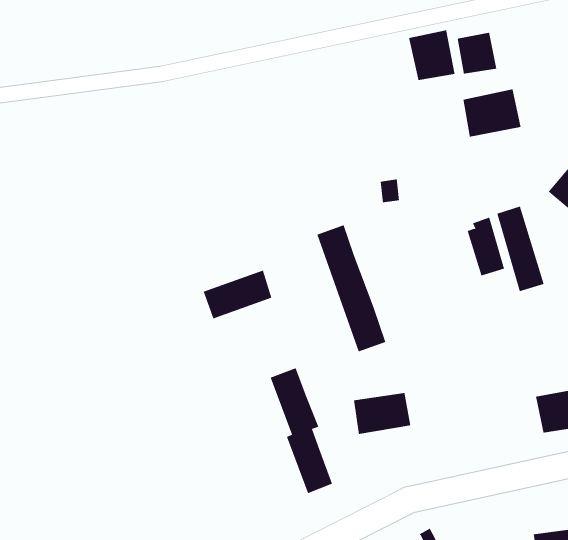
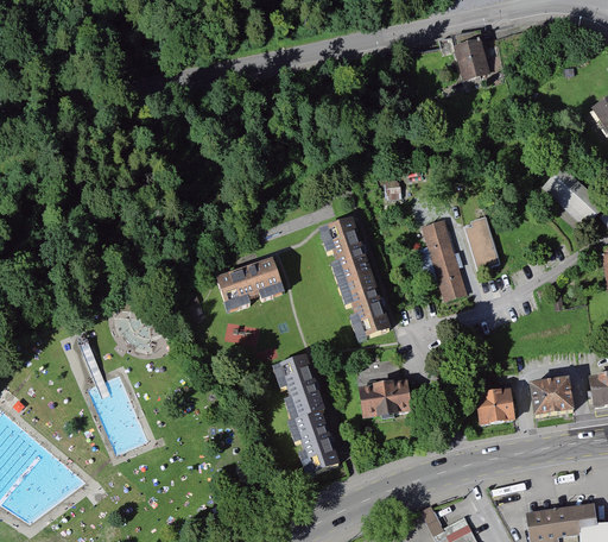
building: [408,30,455,81] -> none
building: [463,88,521,137] -> none
building: [497,206,545,292] -> [425,221,470,302]
building: none -> [476,387,513,423]

